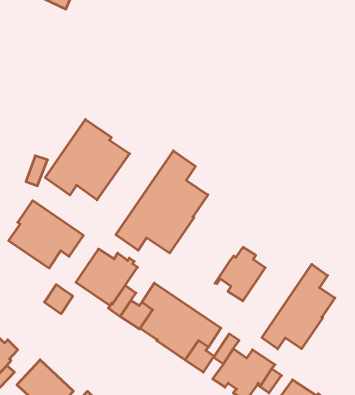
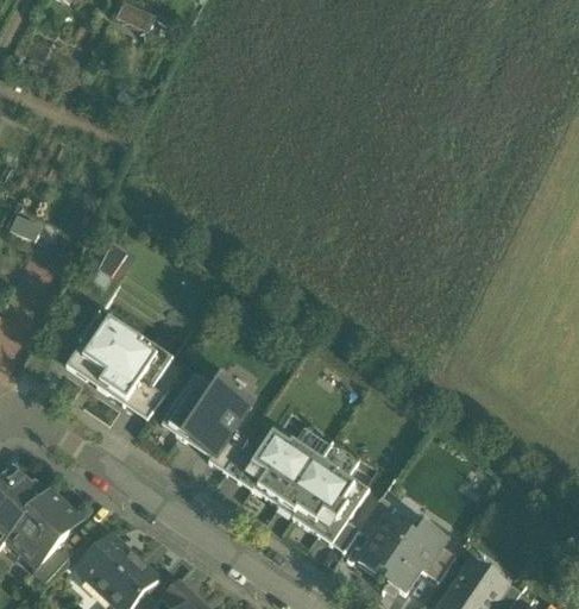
building: [45,119,130,200] -> none
building: [116,151,208,253] -> none
building: [215,247,265,301] -> none
building: [262,264,335,349] -> none
building: [44,285,73,314] -> [125,377,165,419]

